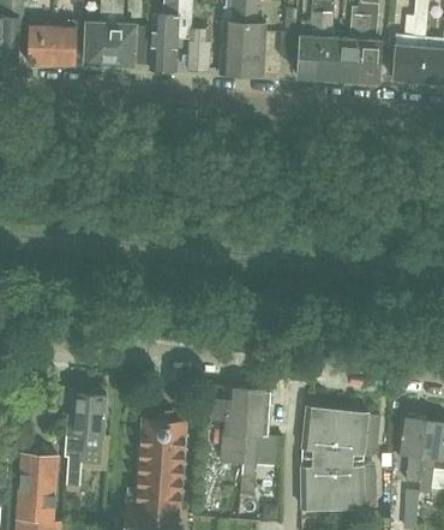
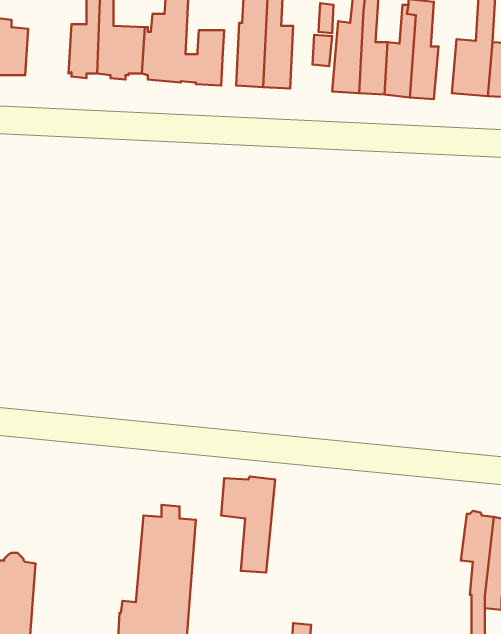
building: [49,20,76,66] -> none
building: [54,387,106,494] -> none
building: [241,389,278,494] -> none
building: [300,407,378,508] -> none

